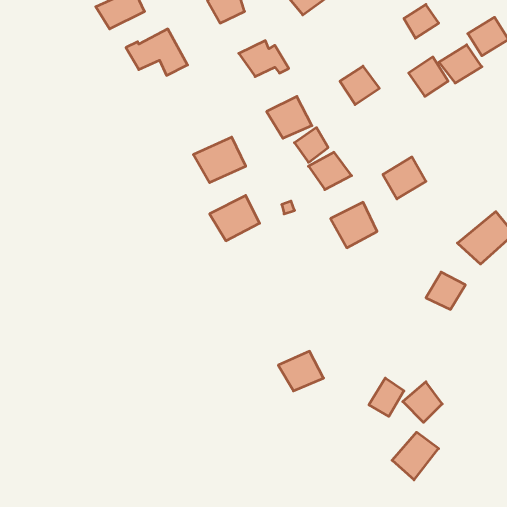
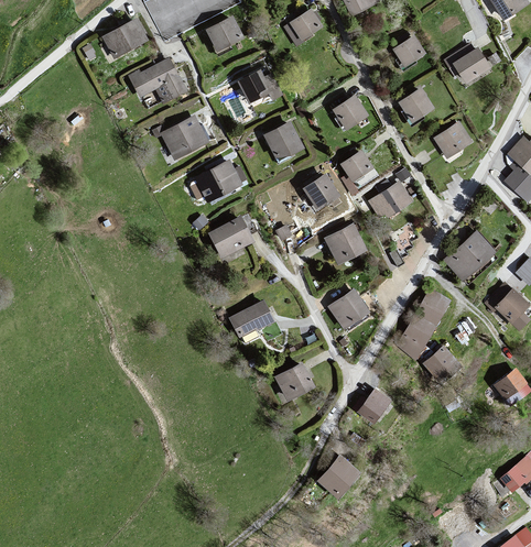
building: [439,45,482,83] -> [432,121,473,157]
building: none -> [160,117,207,162]
building: [294,128,328,162] -> [342,150,373,183]
building: none -> [326,291,369,330]
building: none -> [227,300,273,338]
building: none -> [401,313,436,350]
building: [403,382,442,422] -> [423,346,460,384]
building: [392,432,439,480] -> [321,455,365,500]

